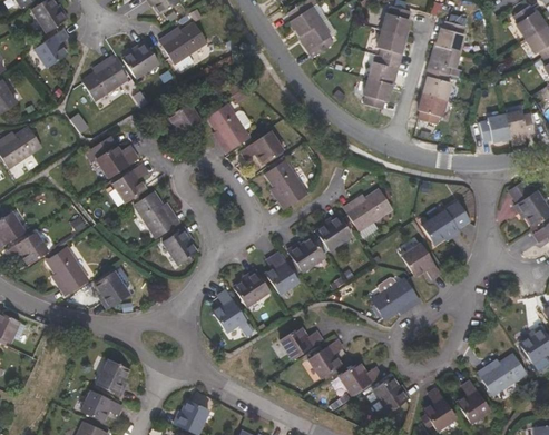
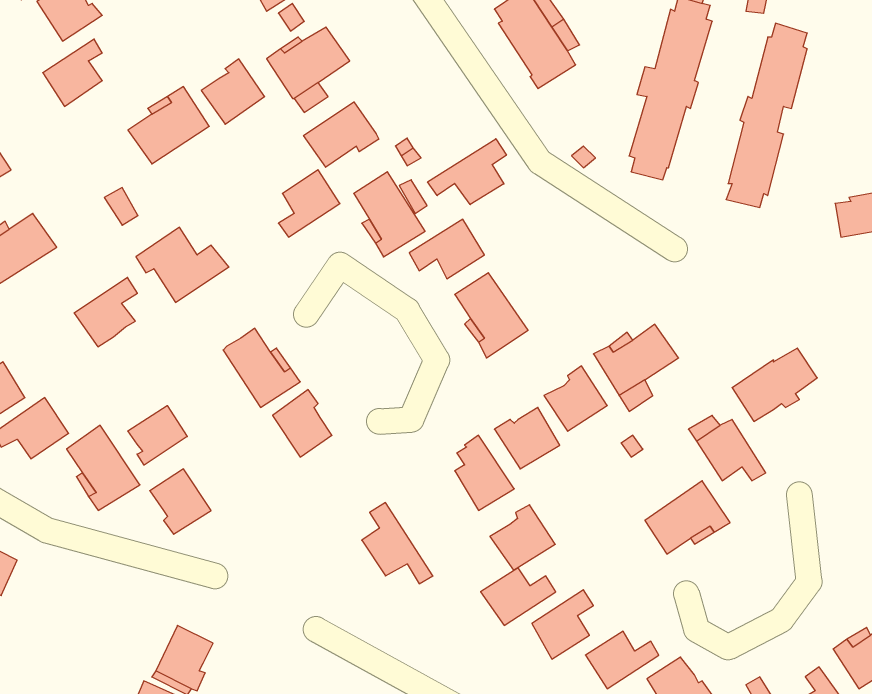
building: none -> [304,102,379,167]
building: none -> [428,139,506,205]
building: [111,162,147,201] -> [74,277,137,347]
building: none -> [128,406,187,465]
building: [233,268,269,305] -> [490,505,555,570]

